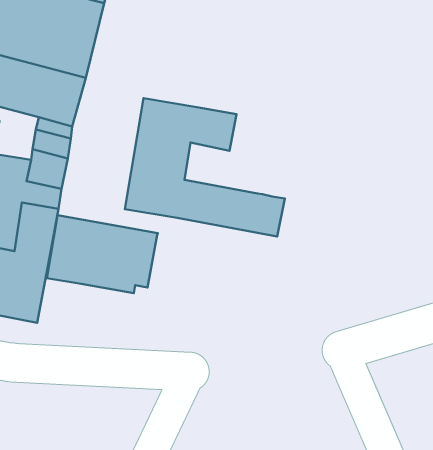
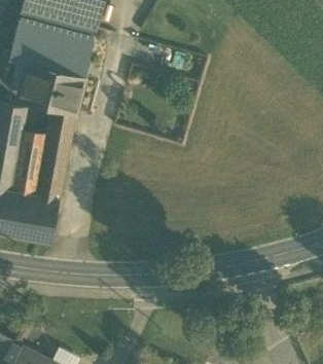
building: [125,98,285,236] -> none
building: [47,215,158,293] -> none

